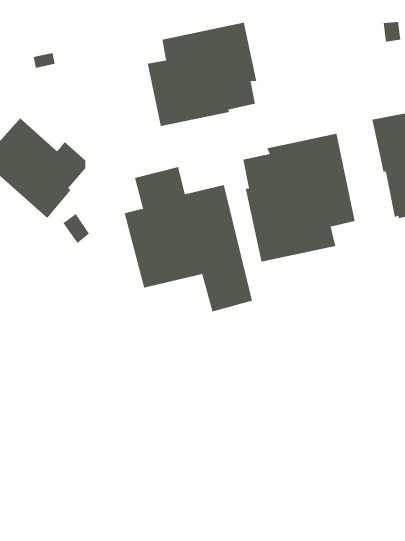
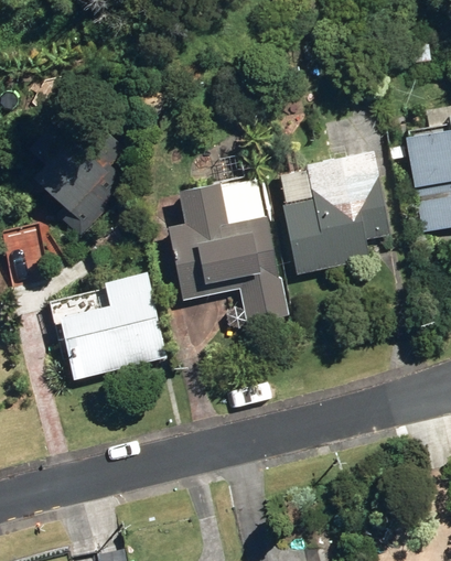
building: [147,22,257,127] -> none
building: none -> [54,270,168,381]

